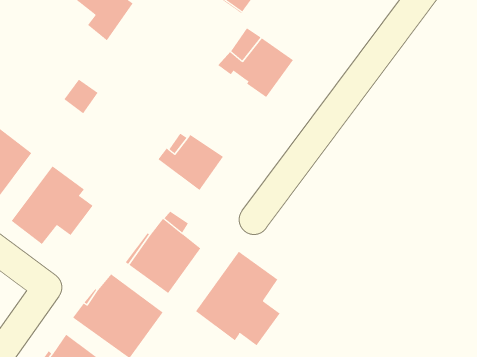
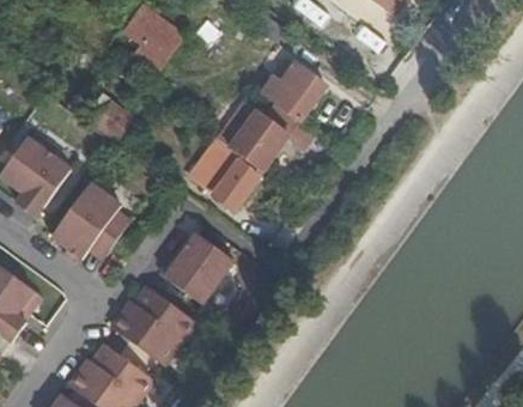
building: none -> [208,96,310,170]
building: [195,251,280,346] -> none

